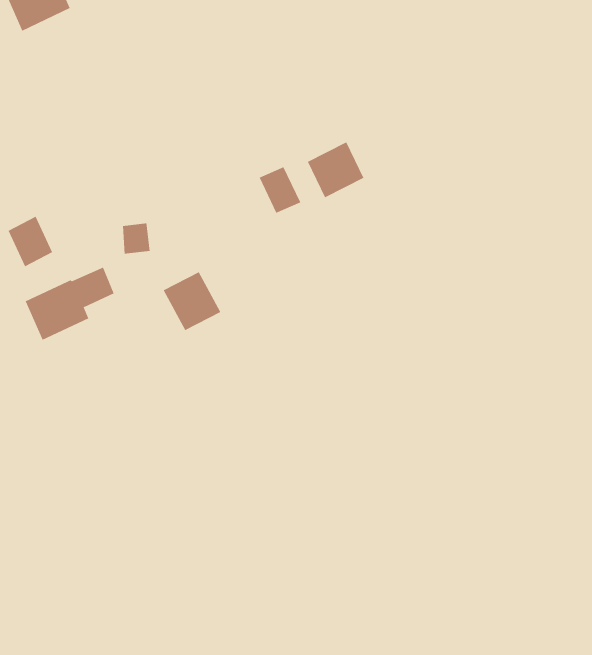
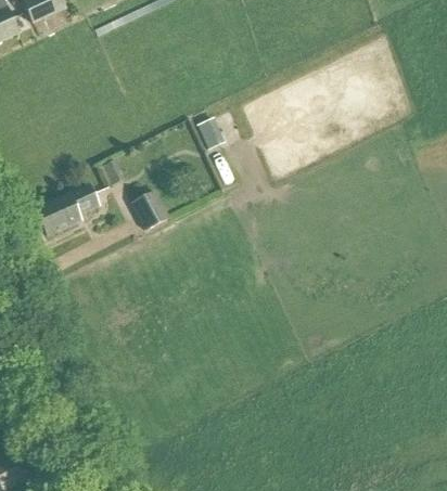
building: [307,141,364,198] -> none
building: [8,216,53,267] -> none

